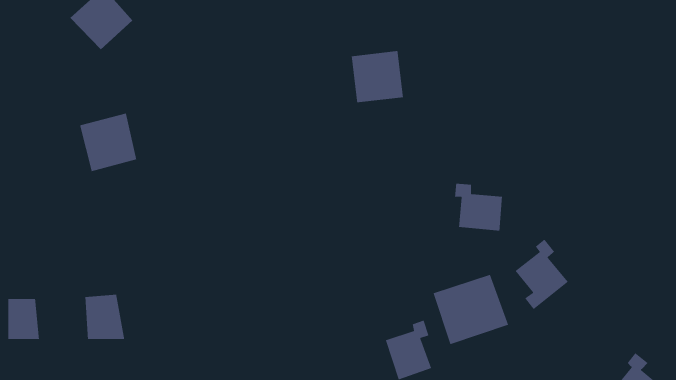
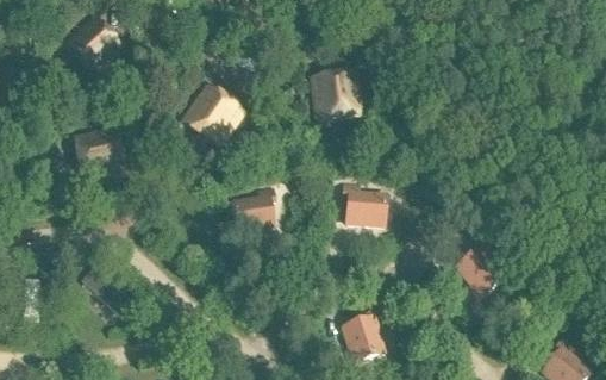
building: none -> [185,82,244,141]
building: none -> [233,183,276,237]
building: [454,183,503,231] -> [344,179,387,222]
building: [432,274,509,345] -> none

